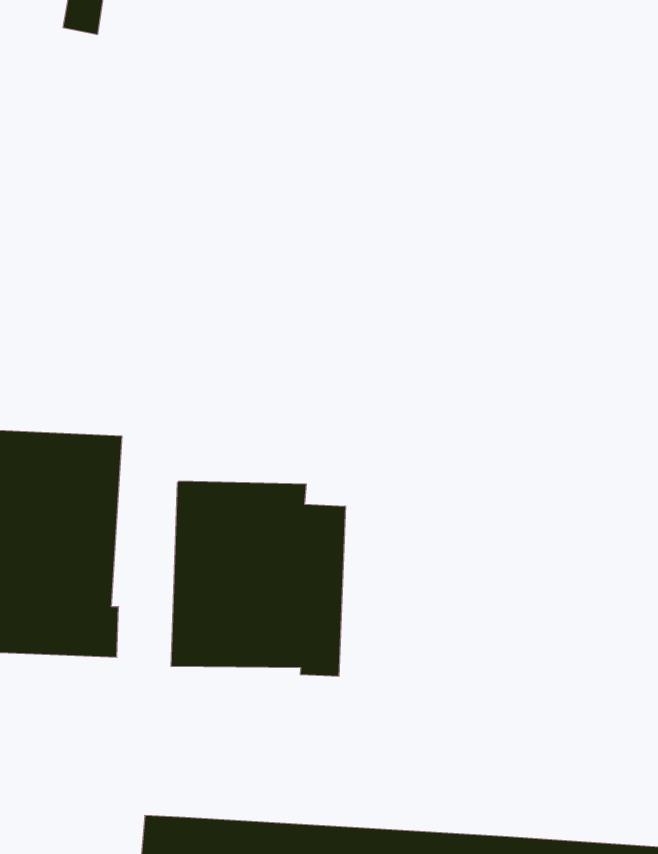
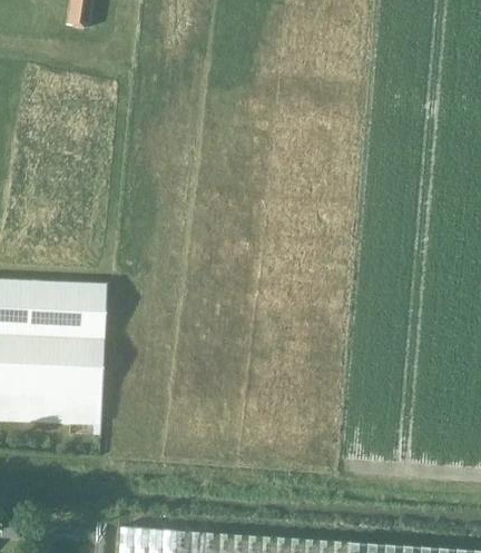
building: [171,481,346,676] -> none

